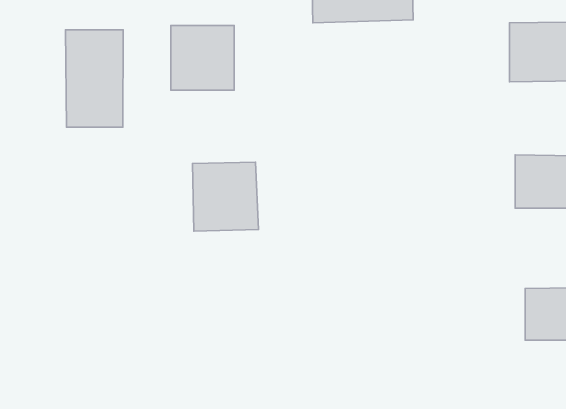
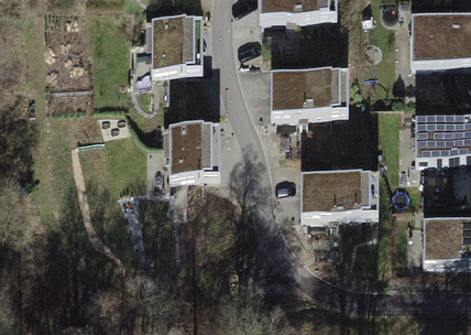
building: [66,30,123,127] -> none
building: none -> [270,72,347,115]
building: none -> [300,175,376,217]

